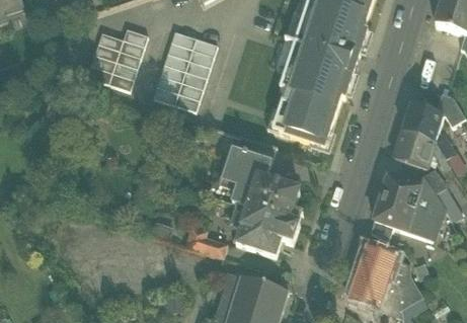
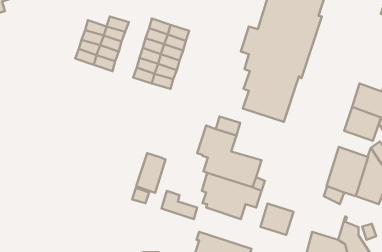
building: none -> [136,153,166,193]
building: [357,245,394,280] -> [260,204,293,235]

